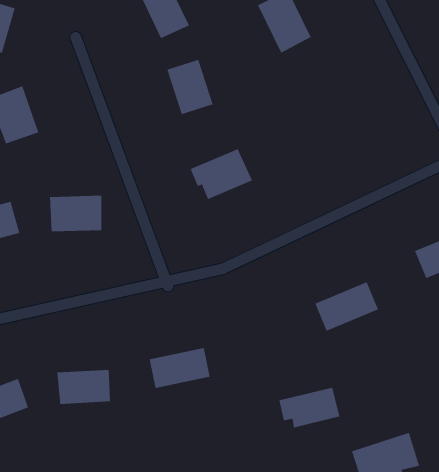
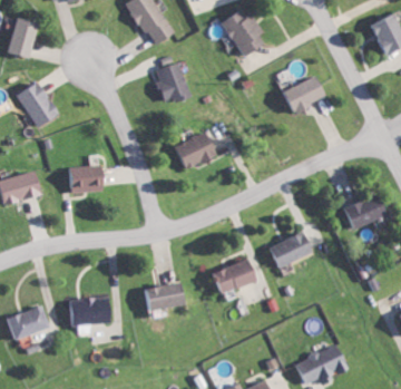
building: none -> [283,75,326,111]
building: [279,387,340,428] -> [211,260,257,291]

